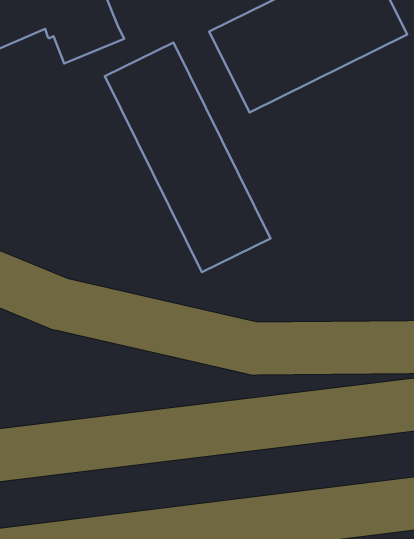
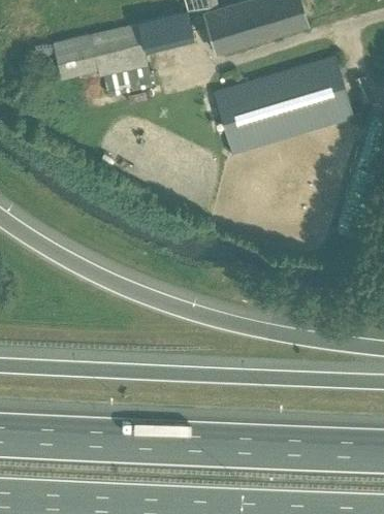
building: [105,42,270,272] -> none

